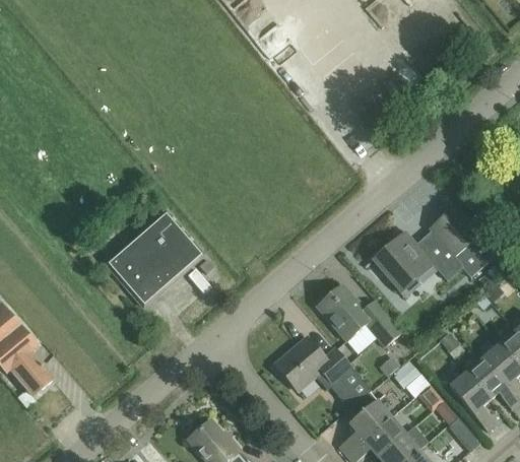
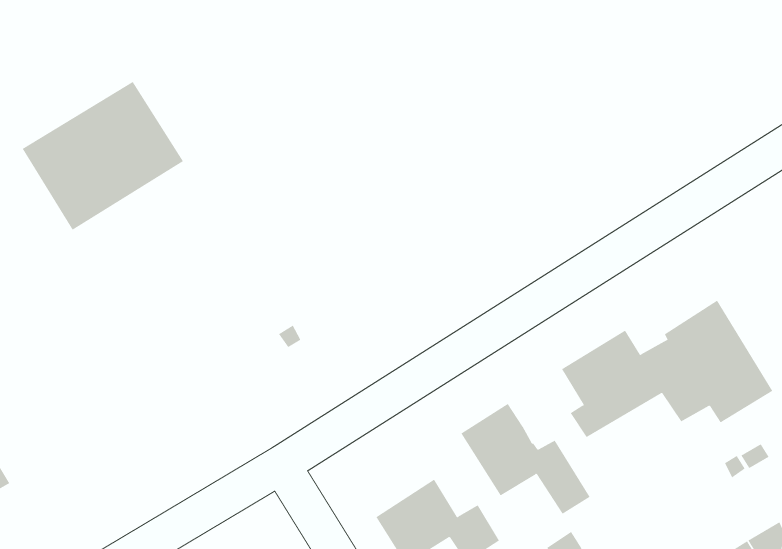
building: [106,211,203,306] -> [22,81,184,230]

